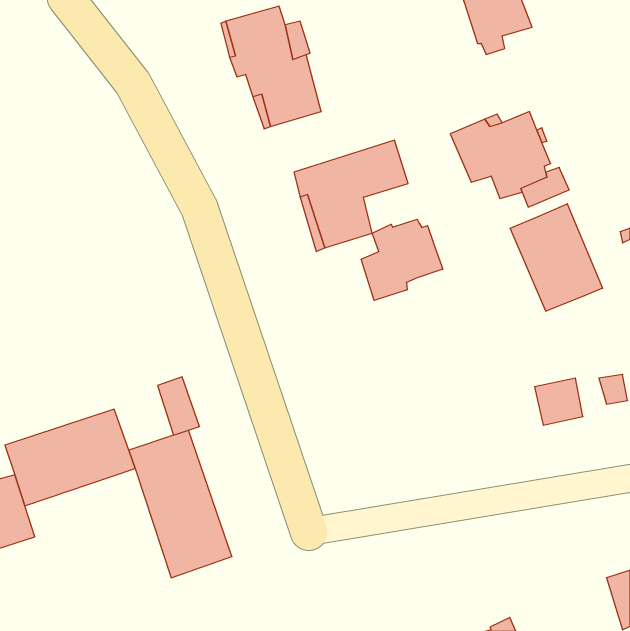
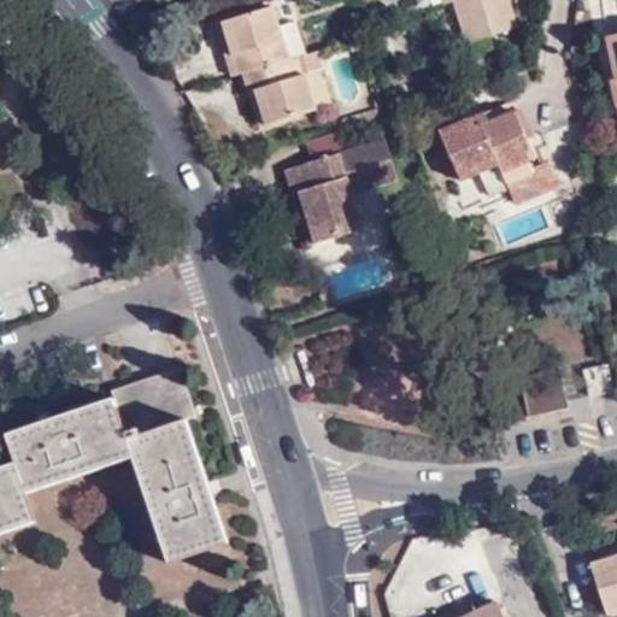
building: [510,204,603,311] -> none
building: [361,219,443,300] -> none
building: none -> [108,375,169,437]

